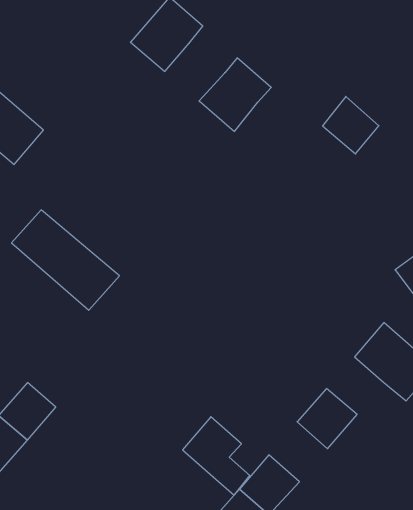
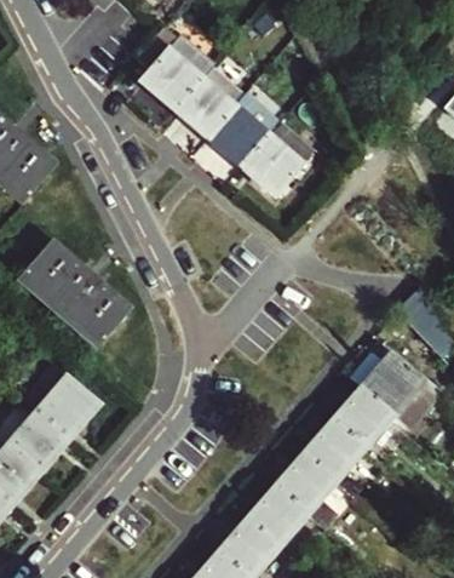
building: none -> [172,79,231,136]
building: [323,96,379,154] -> [241,137,297,194]
building: none -> [36,379,94,439]
building: none -> [332,389,389,446]
building: [183,417,250,495] -> [275,453,341,531]

